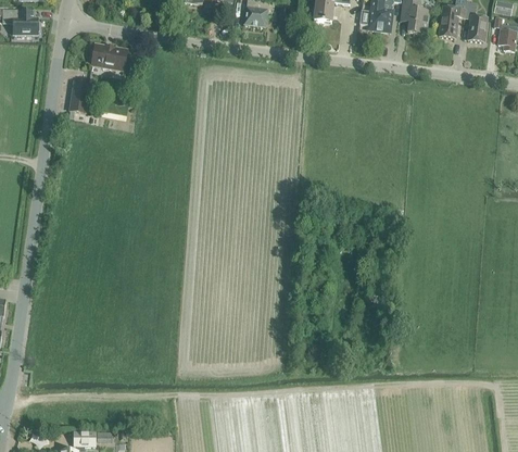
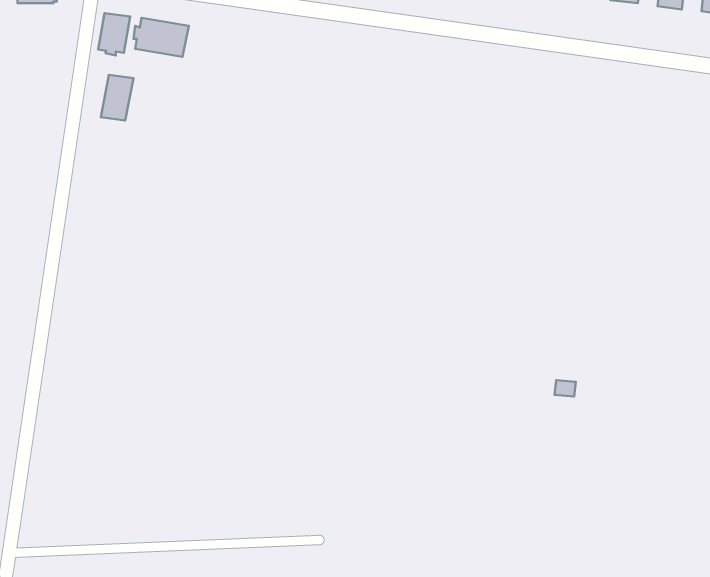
building: none -> [98,13,130,55]

